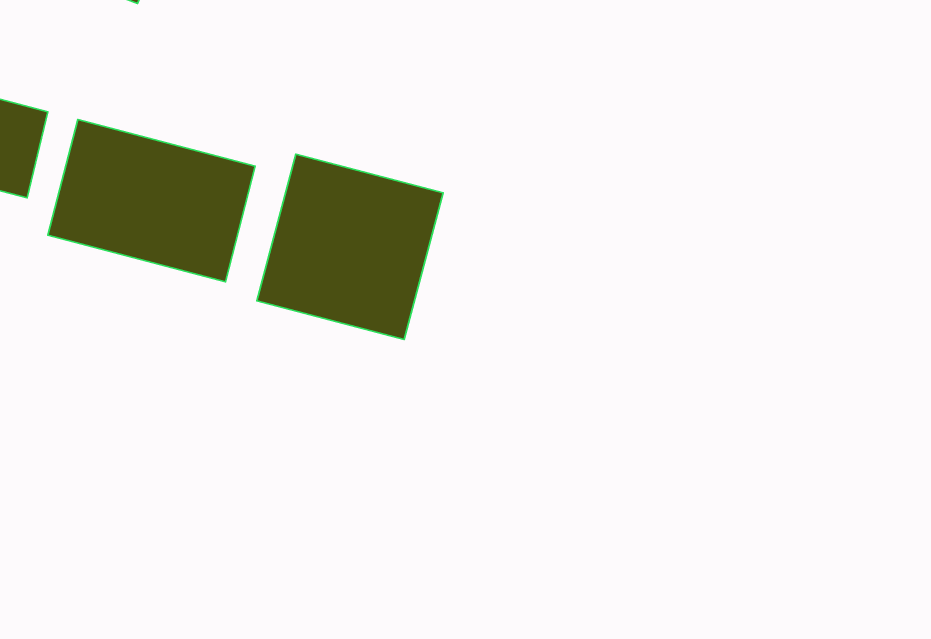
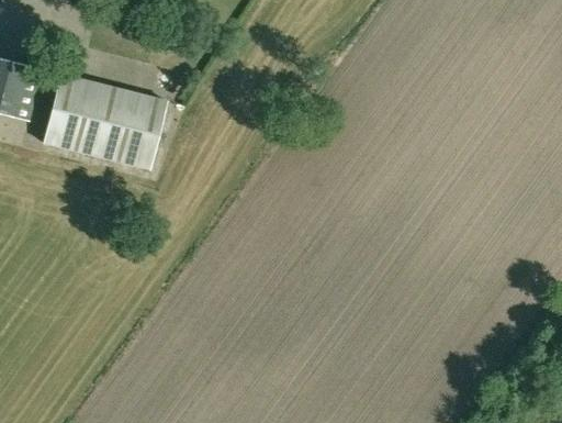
building: [257,154,443,340] -> none

